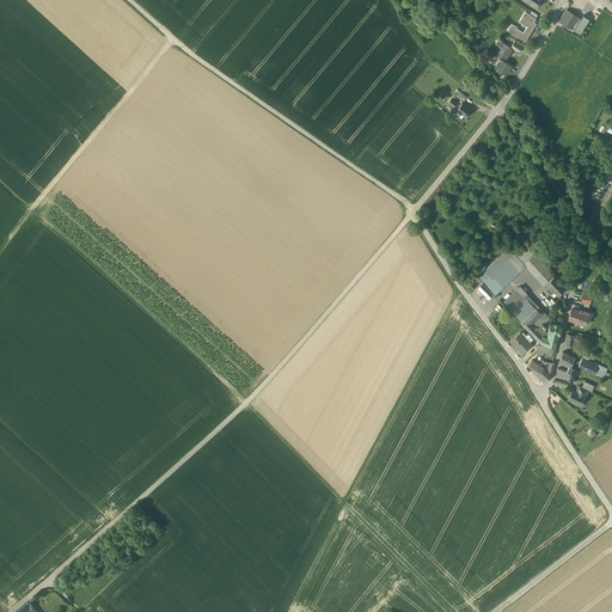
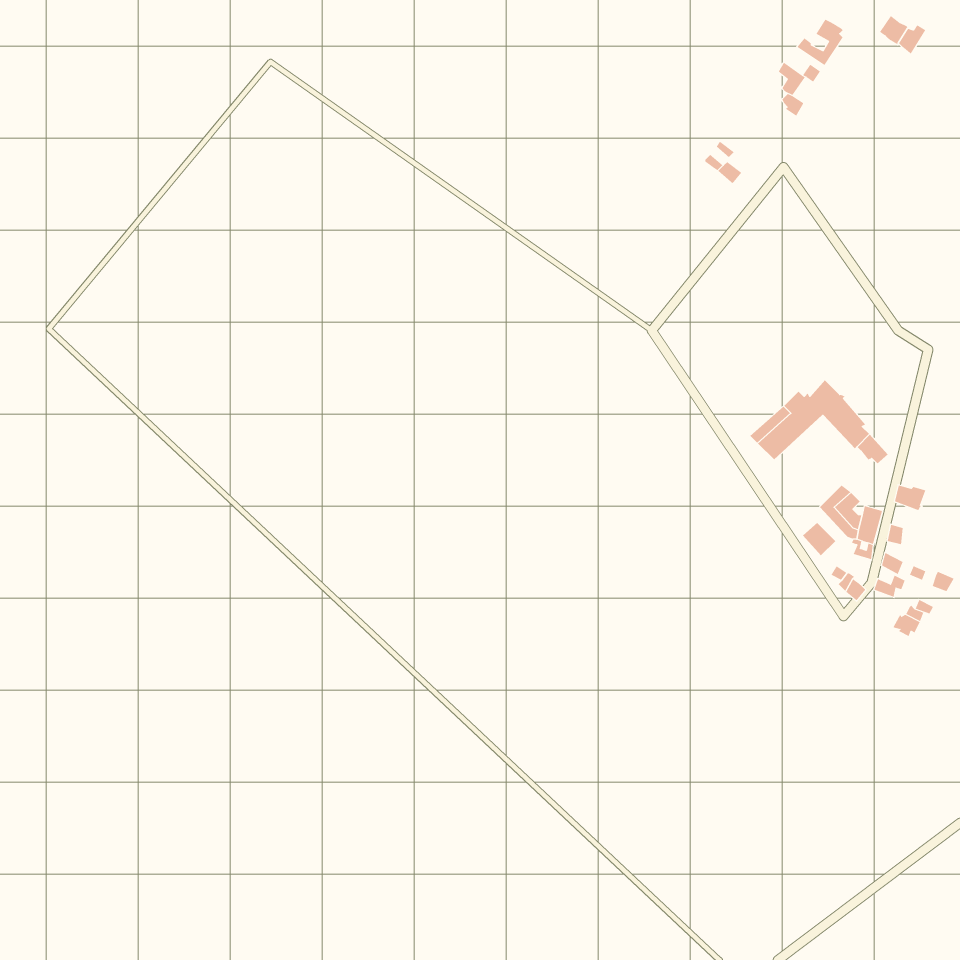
building: [502,289,536,323] -> none

